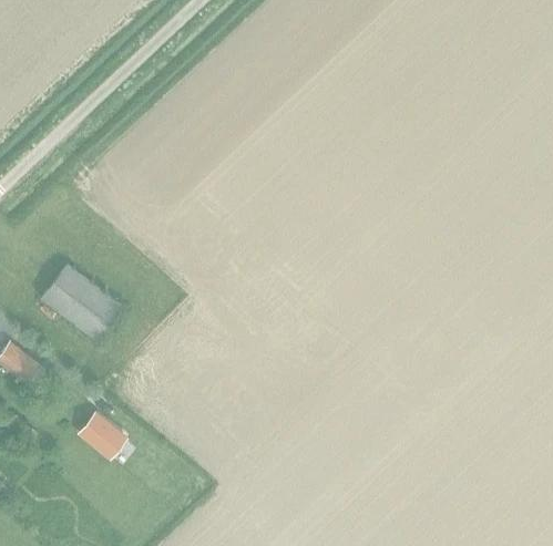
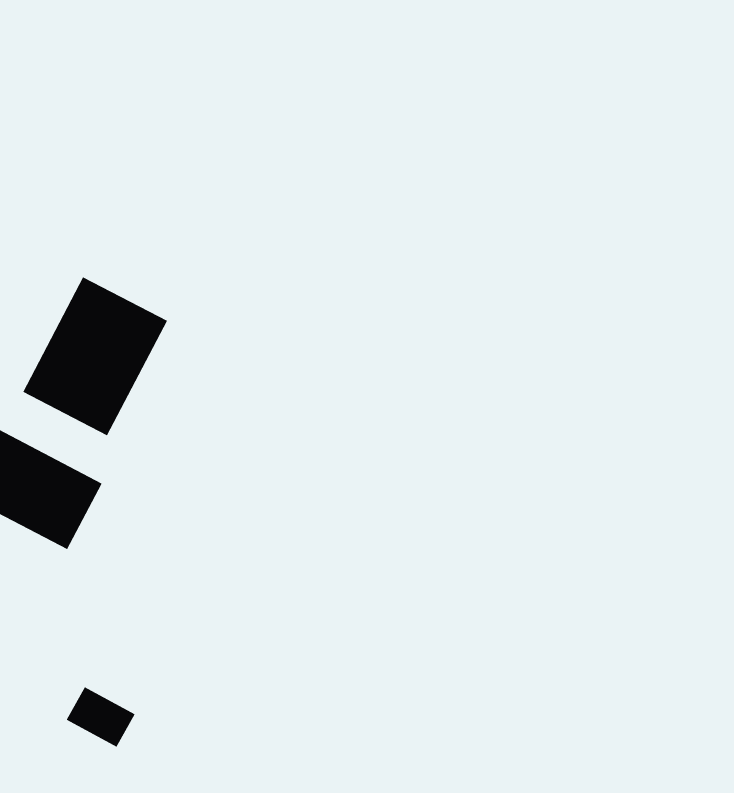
building: none -> [22,277,168,436]

